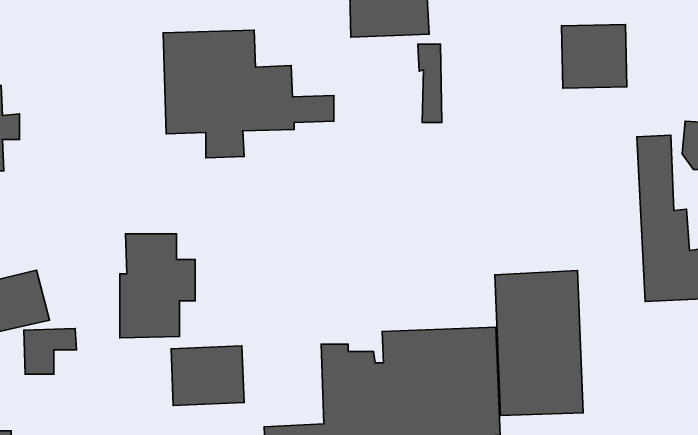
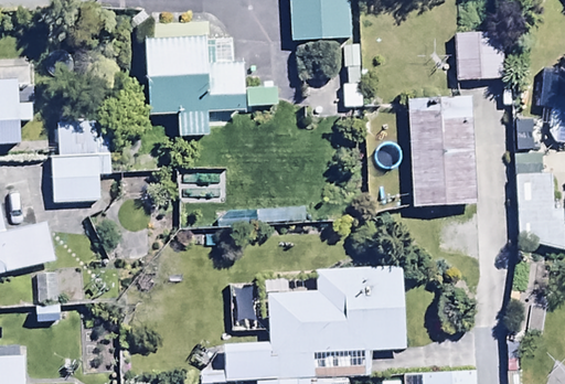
building: [120,234,195,338] -> [53,122,111,203]
building: [495,271,583,416] -> [407,95,476,207]
building: [171,346,244,405] -> none

